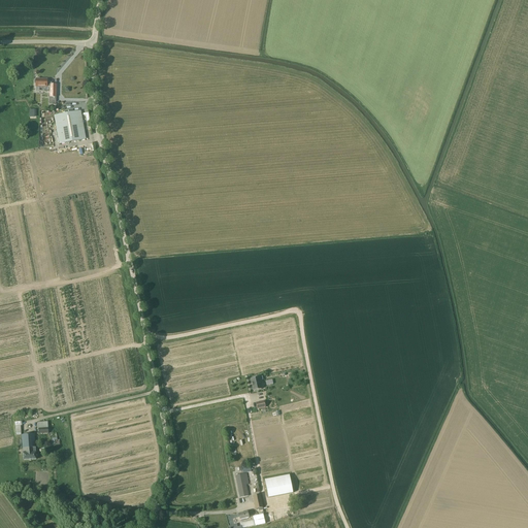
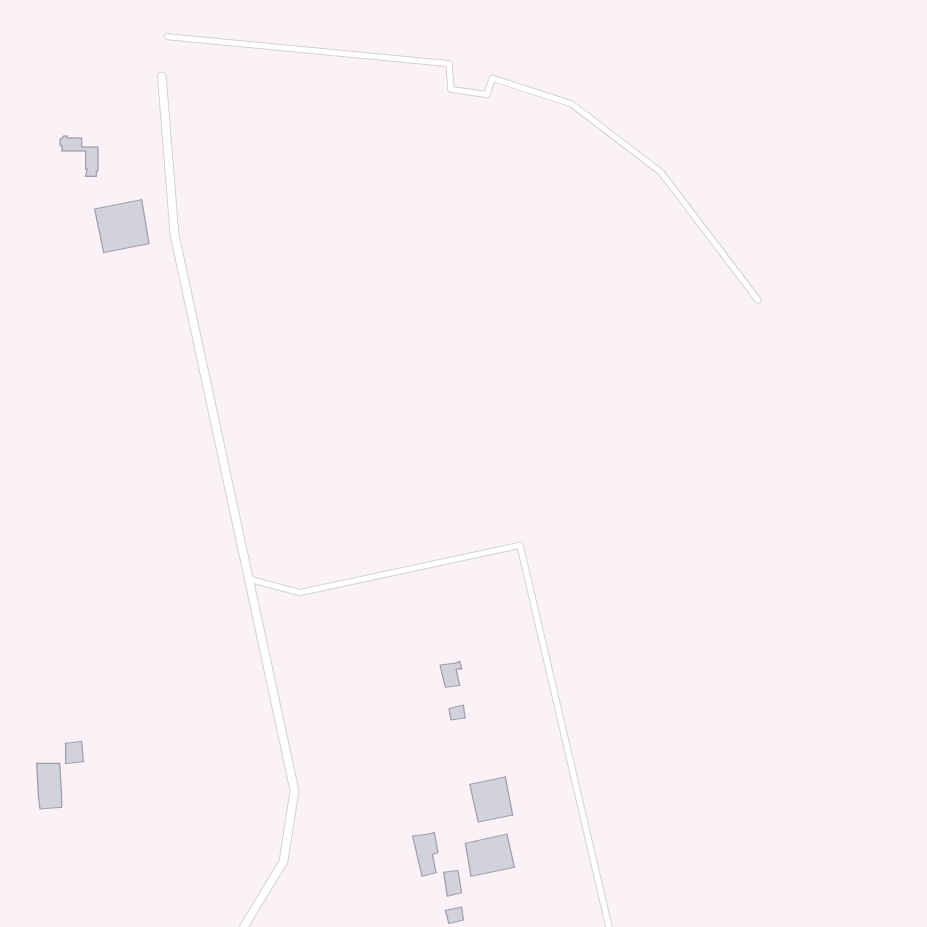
building: none -> [470,777,513,822]

